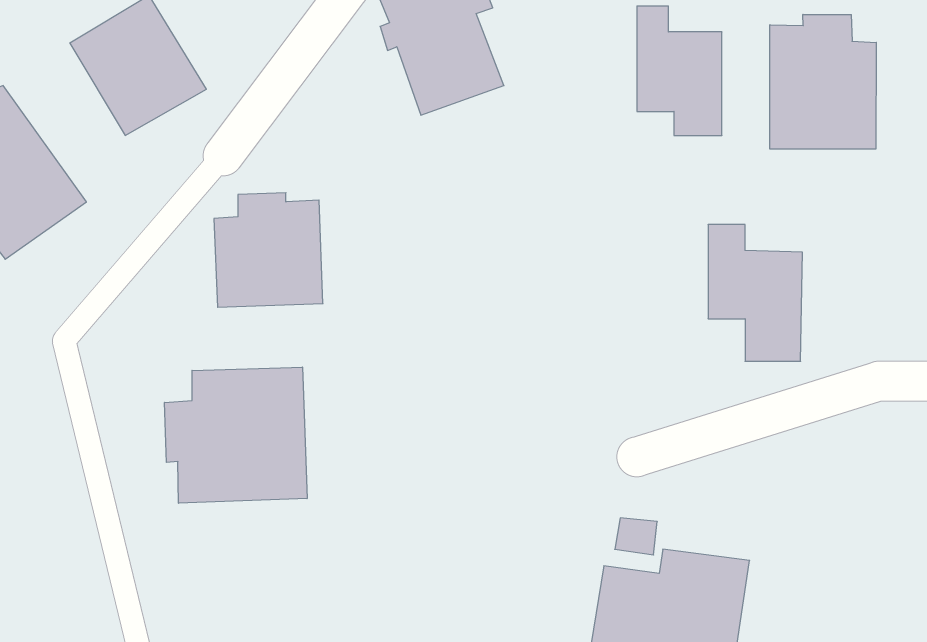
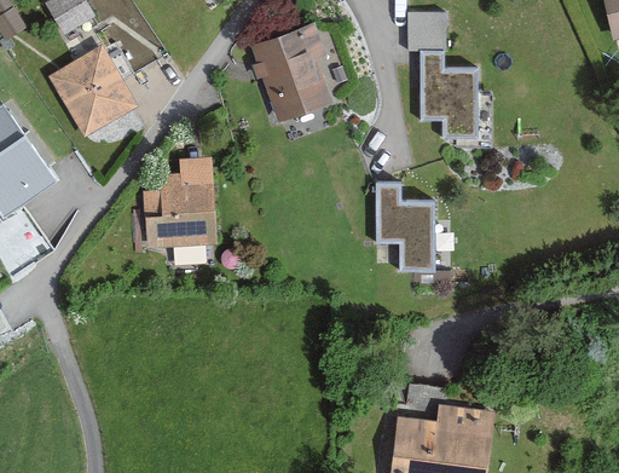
building: [770,14,876,149] -> none
building: [708,225,802,361] -> [376,184,438,273]
building: [165,367,307,503] -> none

